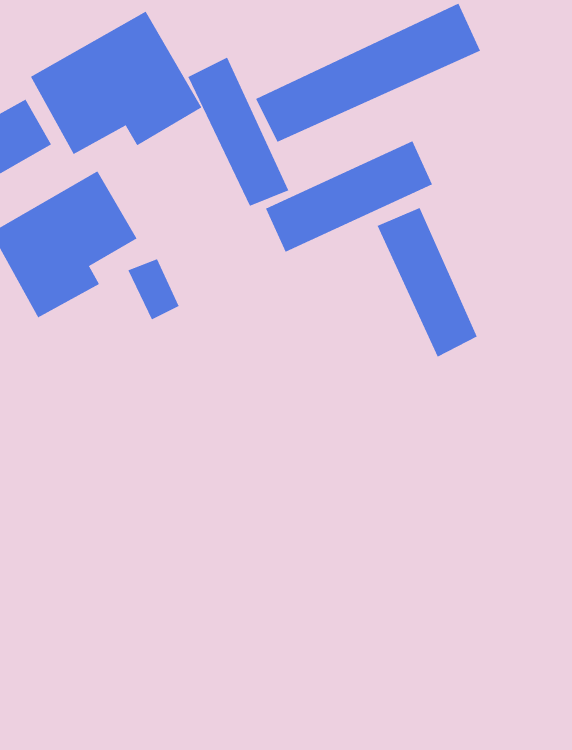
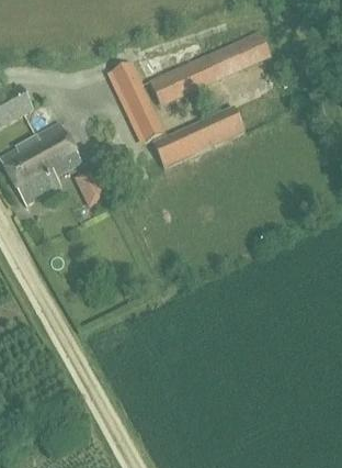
building: [30,11,202,155] -> none
building: [377,207,477,358] -> none

